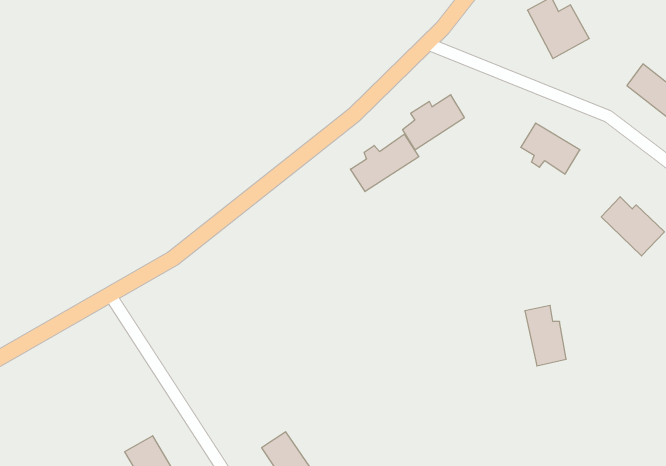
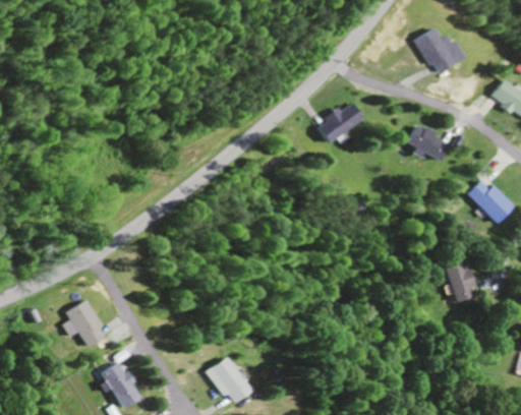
building: [350,134,419,192] -> none
building: [525,305,566,366] -> [446,256,477,302]
building: none -> [71,300,115,348]

